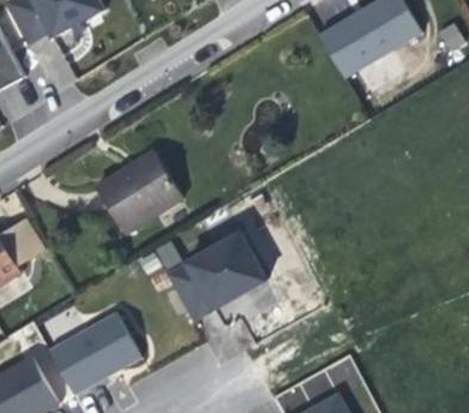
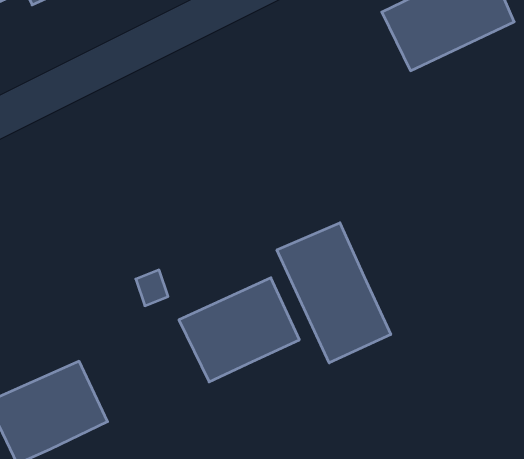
building: [96,150,182,233] -> none
building: none -> [277,223,391,363]

